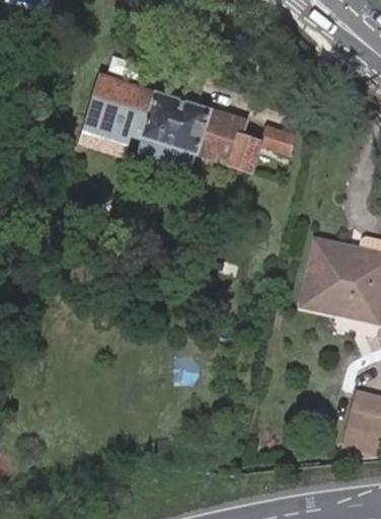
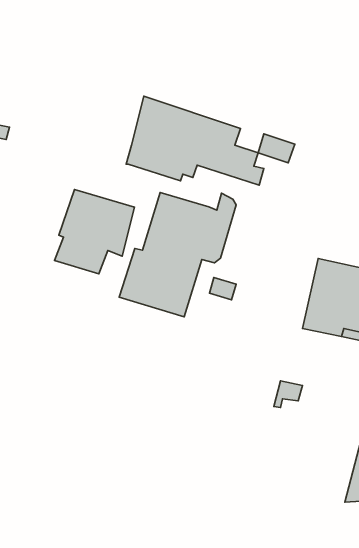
building: [82,74,155,151] -> [54,189,134,274]
building: none -> [119,193,236,317]

